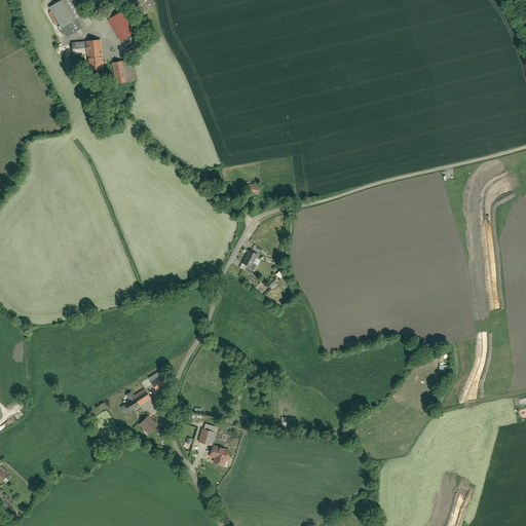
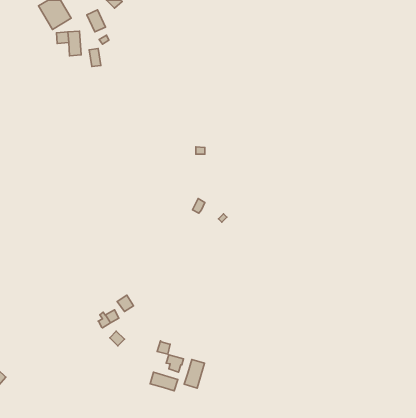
building: none -> [184,359,205,388]
building: none -> [150,372,178,391]

